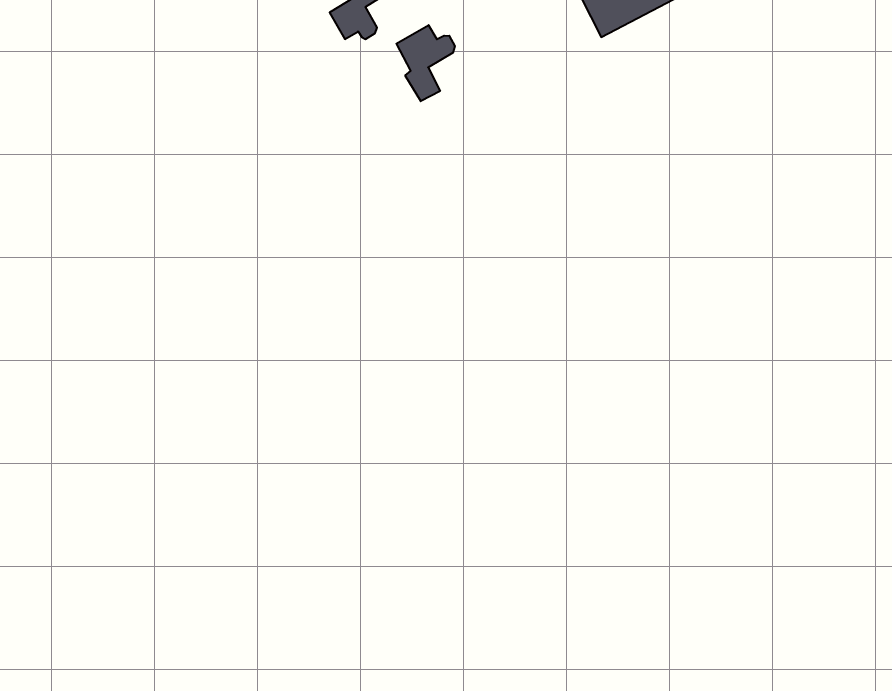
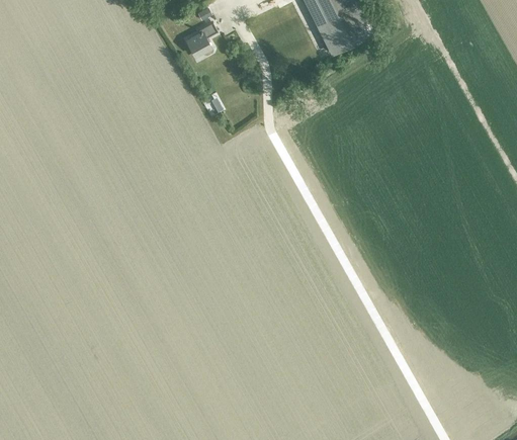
building: [396,25,455,101] -> none

